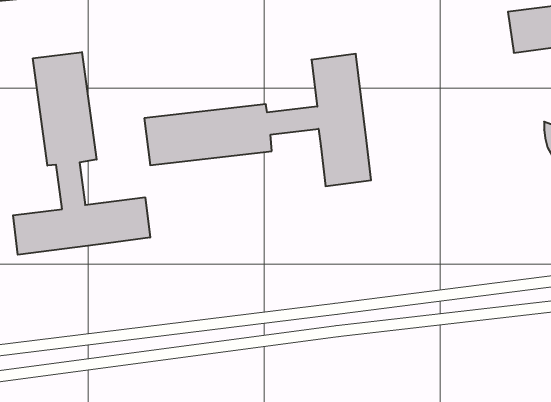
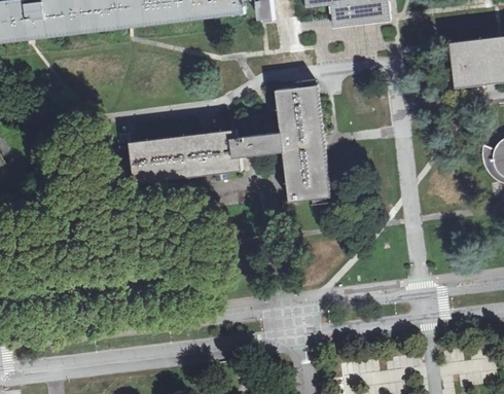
building: [13,52,150,255] -> none

